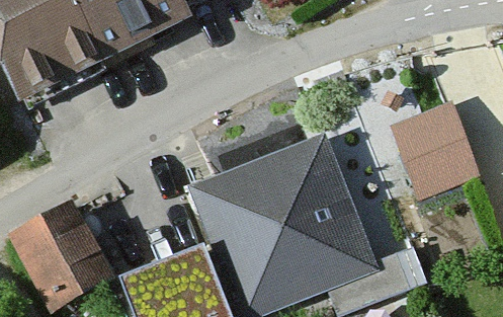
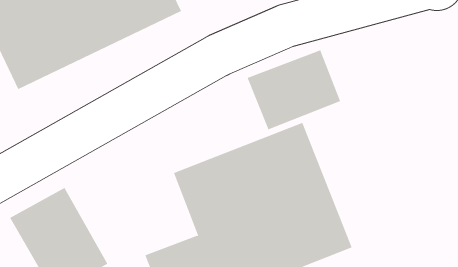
building: none -> [247,50,341,130]
building: [391,101,473,187] -> none

